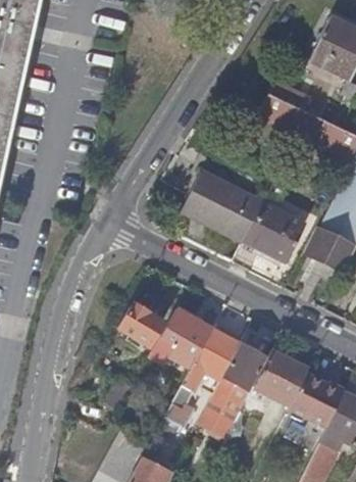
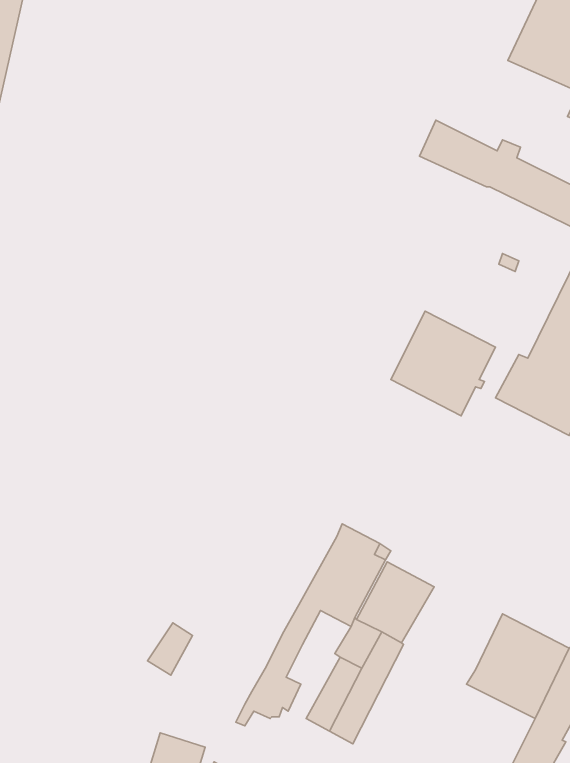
building: [185,172,262,241] -> none
building: [116,302,163,345] -> none
building: [159,308,212,369] -> none
building: [252,350,309,405] -> none

